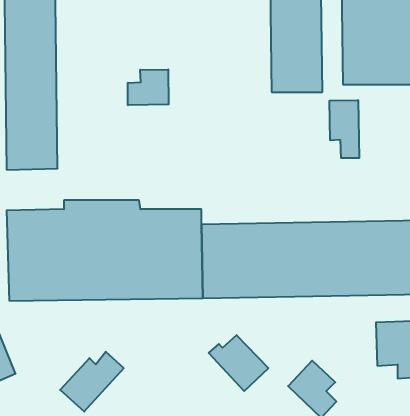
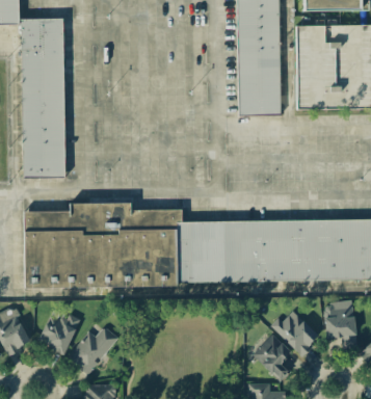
building: [128,69,169,105] -> none
building: [330,100,359,158] -> none
building: [209,335,268,391] -> [271,311,320,356]
building: none -> [37,314,80,354]

